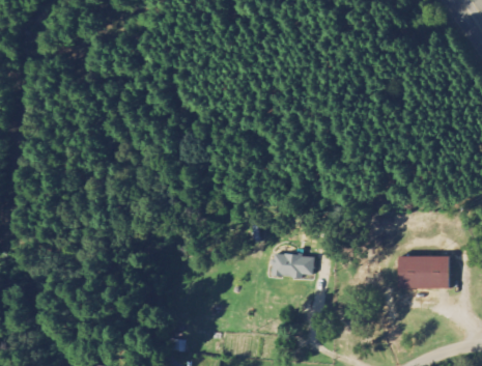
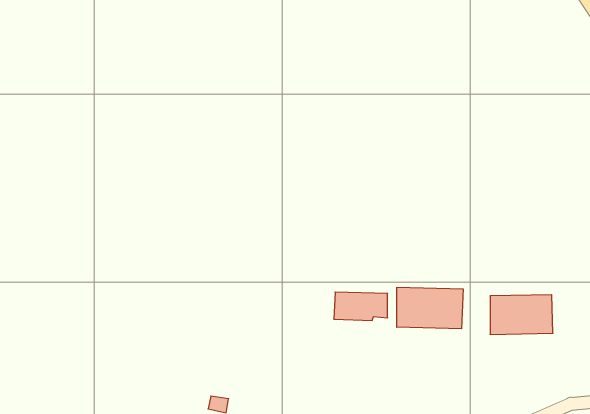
building: none -> [397,287,463,329]

